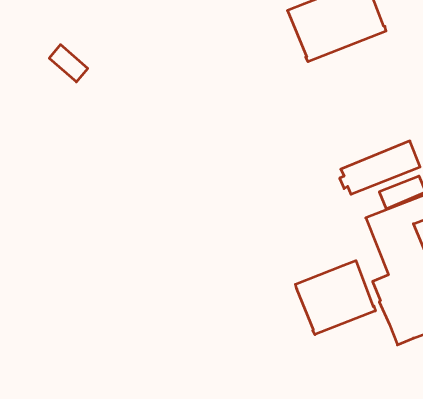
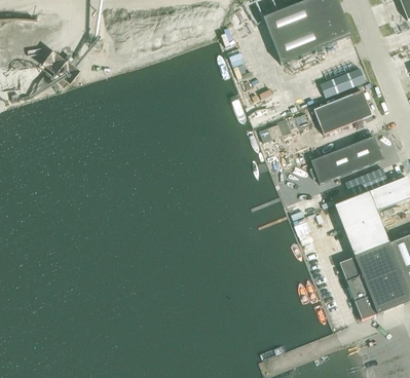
building: none -> [321,67,366,97]
building: none -> [314,89,373,134]
building: [295,261,375,335] -> none

